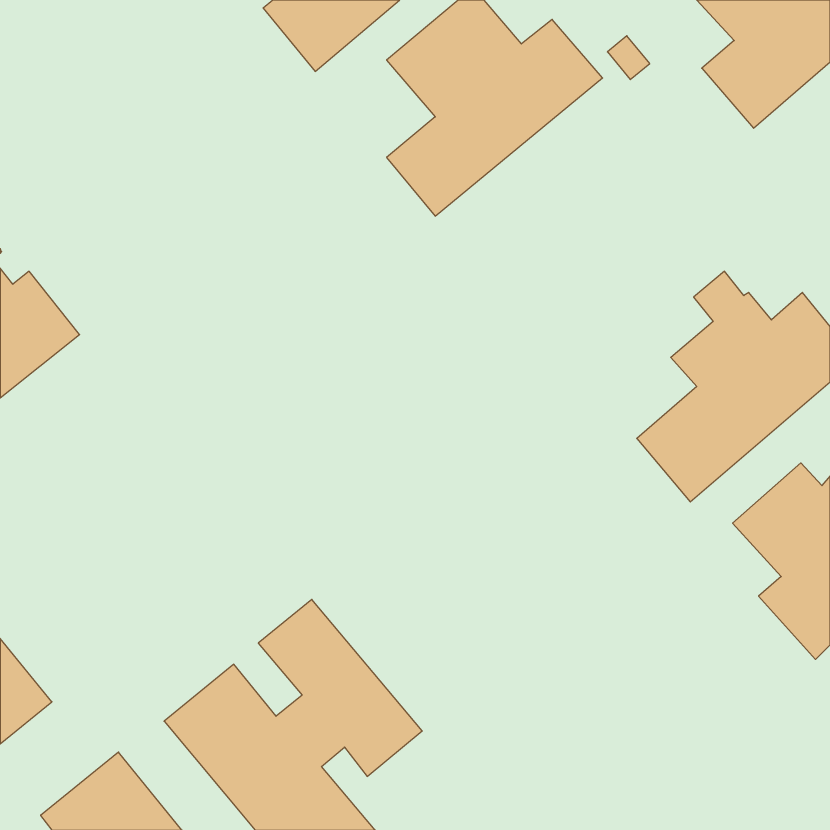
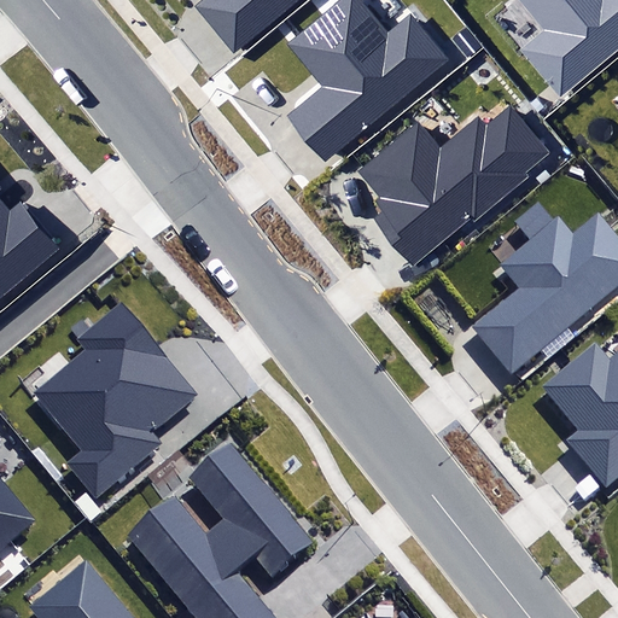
building: none -> [361,104,553,264]
building: none -> [34,303,198,499]

